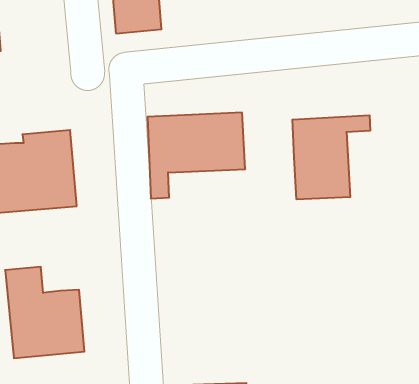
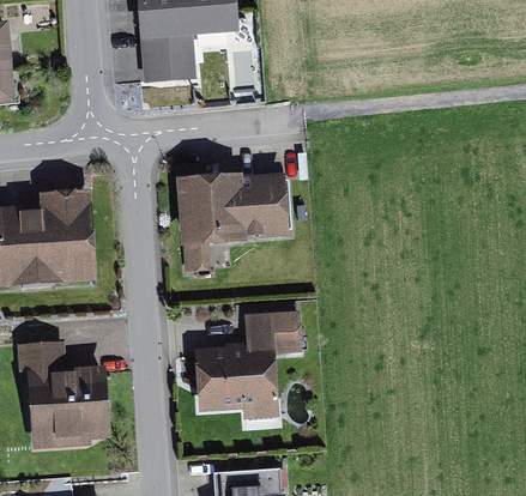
building: [292,115,370,199] -> none
building: none -> [194,314,296,406]

